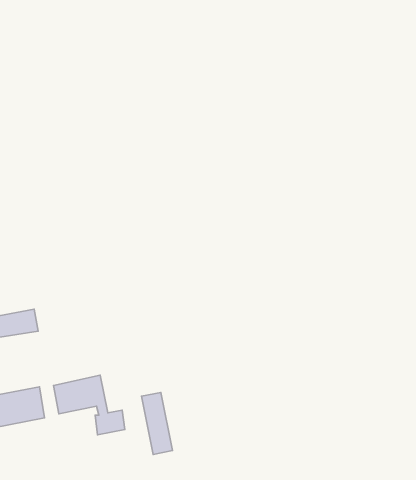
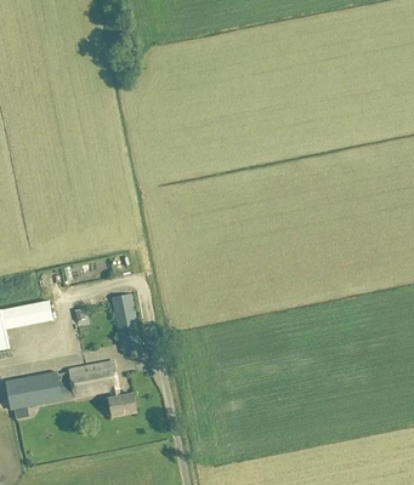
building: [141,392,173,454] -> [112,293,141,352]

